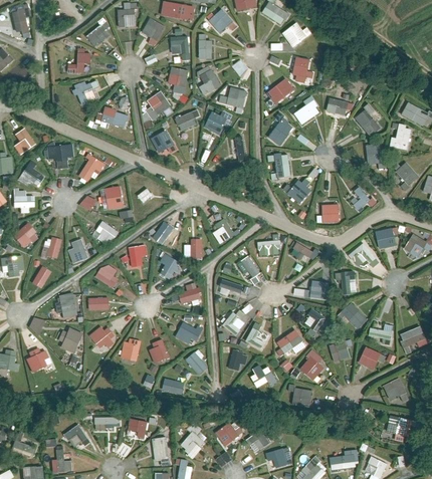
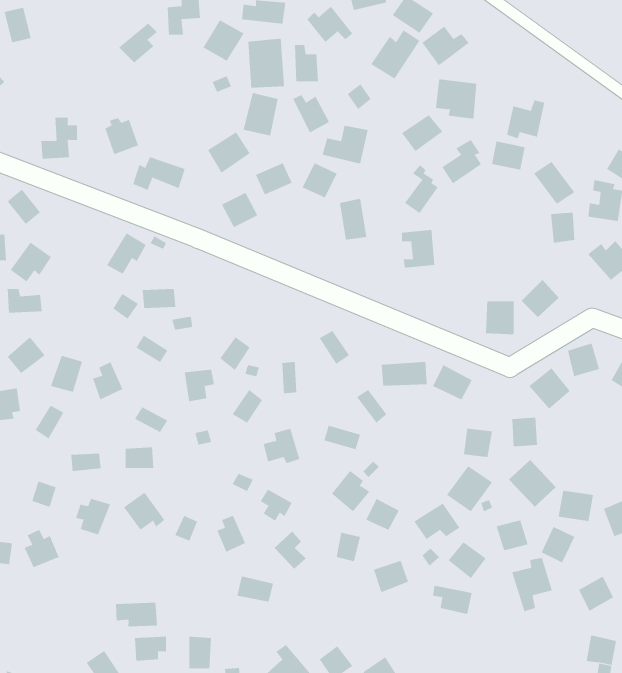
building: none -> [370,29,420,79]
building: [67,47,91,74] -> [40,117,78,159]
building: none -> [507,100,545,139]
building: [48,144,78,167] -> none
building: [284,176,313,202] -> none
building: none -> [512,557,552,612]
building: none -> [115,602,158,627]

